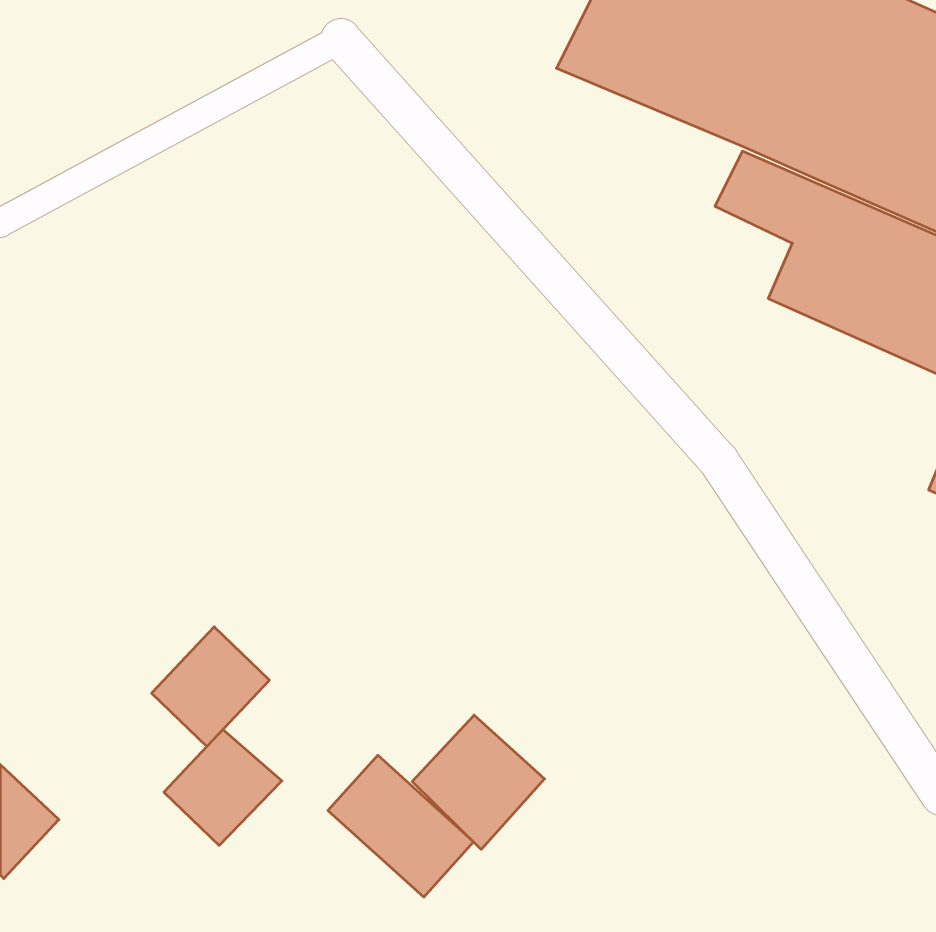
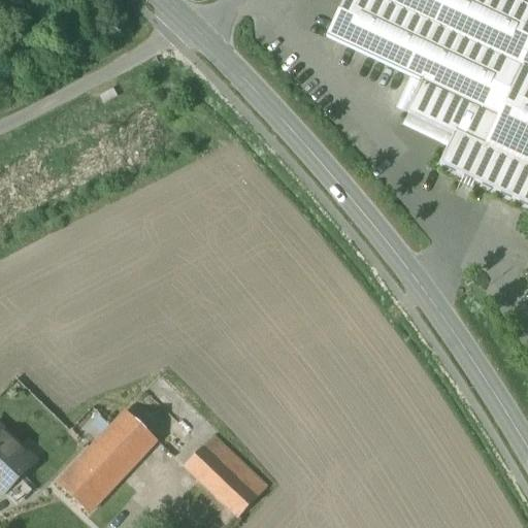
building: [152,627,269,746] -> [60,443,126,510]
building: [412,715,545,849] -> none

